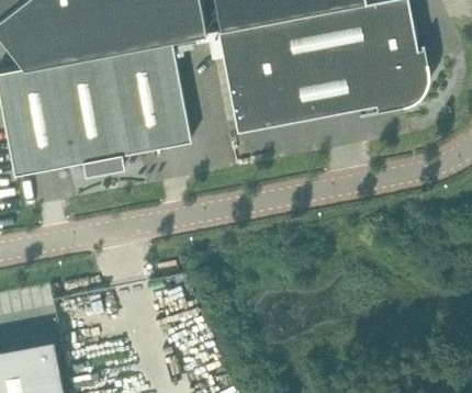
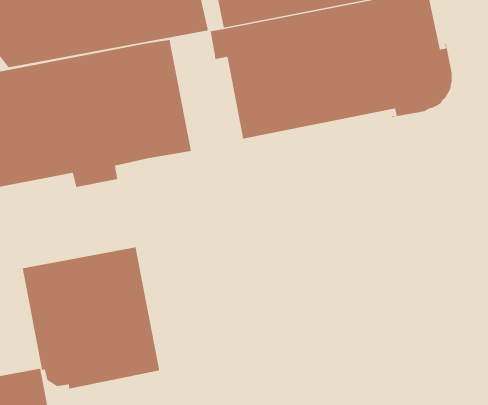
building: none -> [22,246,160,389]

